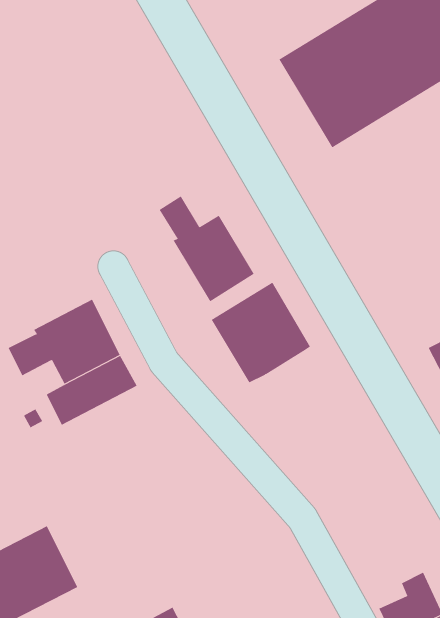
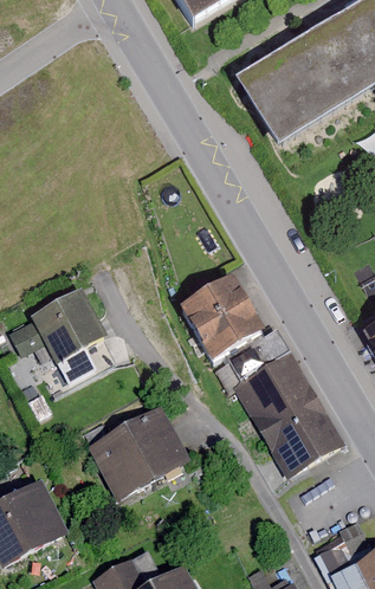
building: [159,195,254,302] -> none
building: none -> [225,328,344,477]
building: none -> [88,403,188,497]

